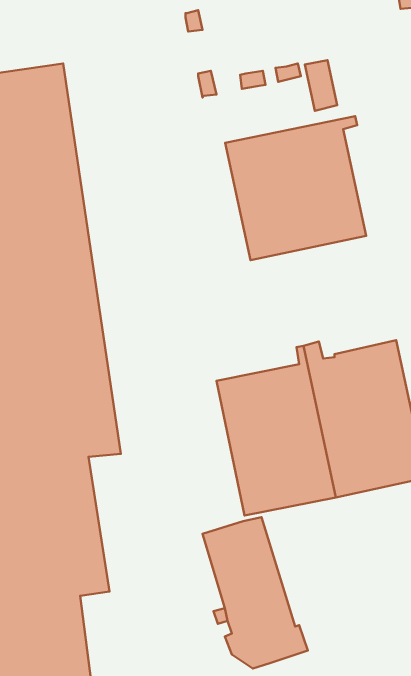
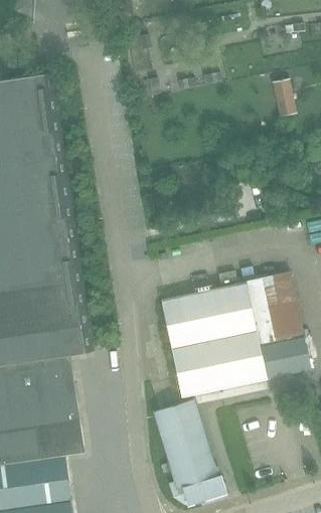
building: [305,60,337,111] -> [274,81,297,118]
building: [225,116,366,260] -> none

